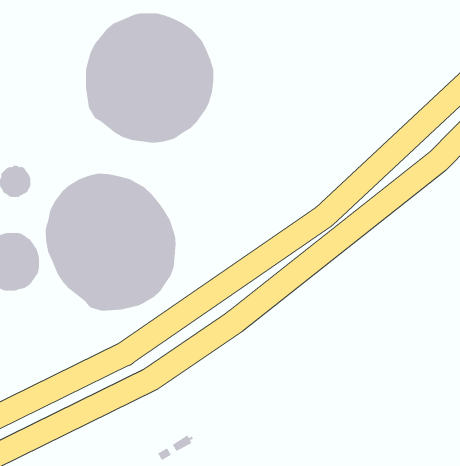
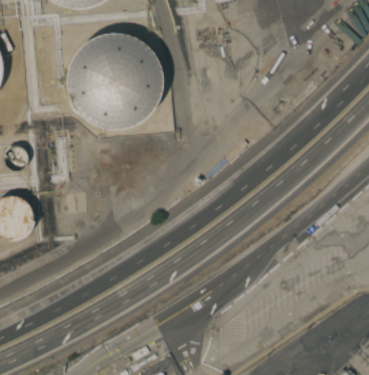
building: [45,173,176,312] -> none

